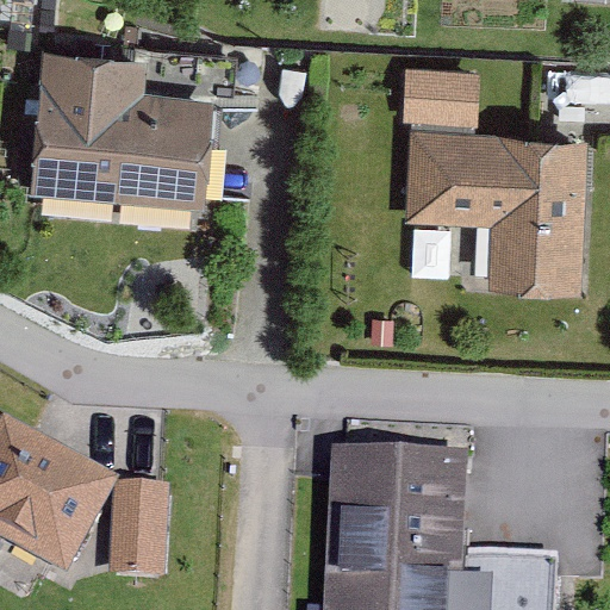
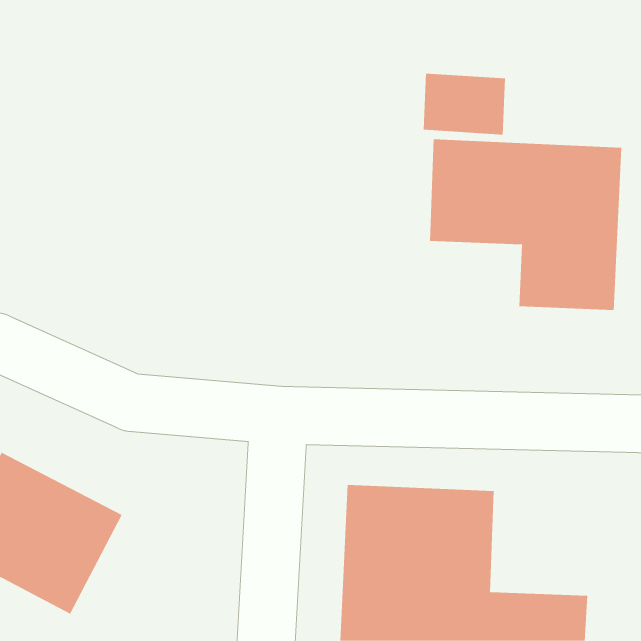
building: [30,50,213,207] -> none
building: [112,493,167,586] -> none

